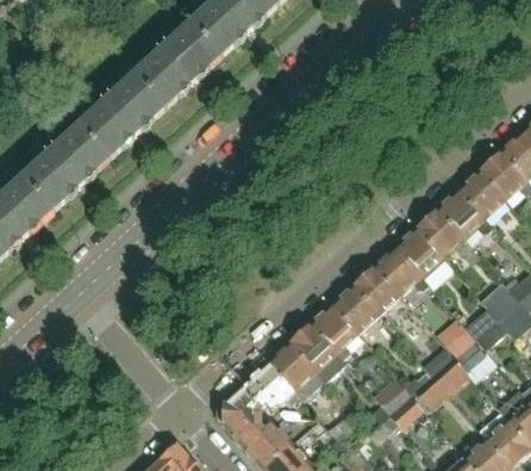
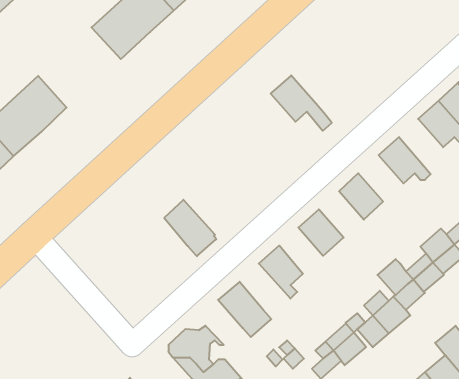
building: [77,73,164,157] -> none
building: [457,169,504,218] -> none
building: [414,207,479,266] -> [271,75,332,131]
building: [373,246,427,295] -> none
building: [331,284,377,333] -> none
building: [289,322,344,382] -> [164,200,216,256]
building: [232,360,293,408] -> none

